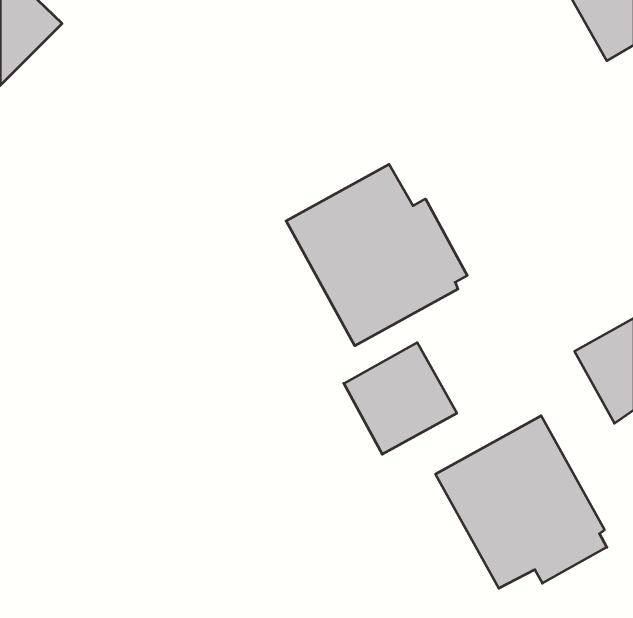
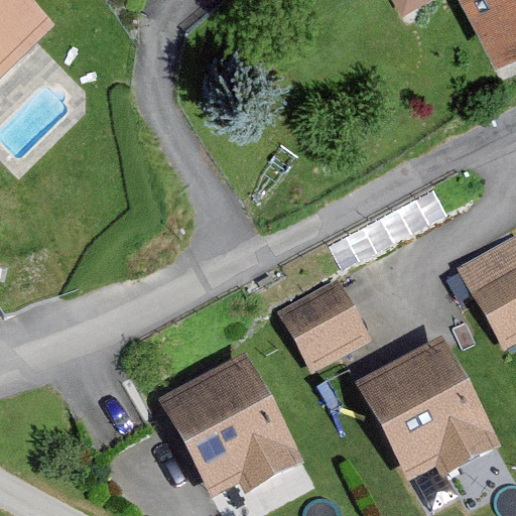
building: [286,164,467,346] -> none
building: none -> [157,353,296,493]

